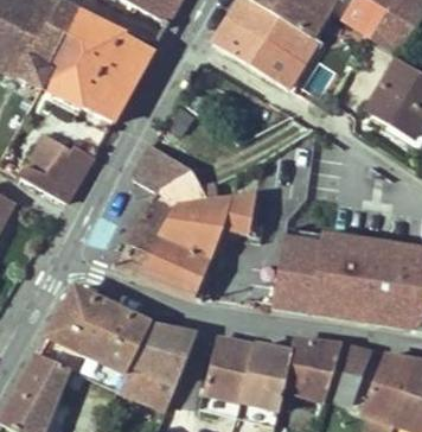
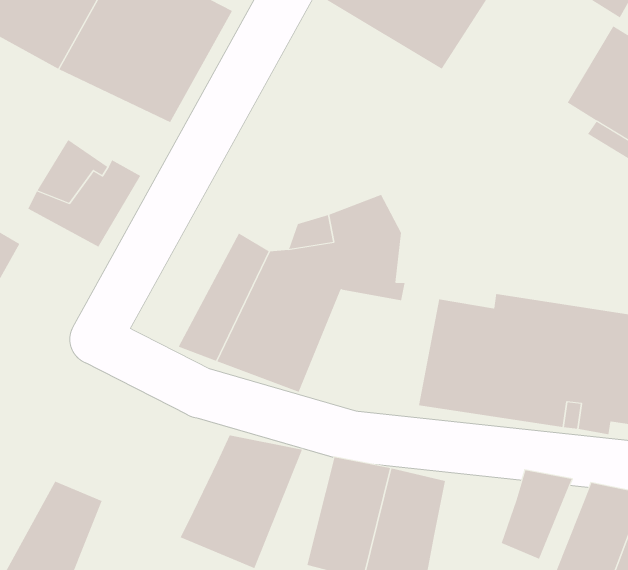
building: [133,142,191,192] -> none
building: [47,286,149,371] -> none
building: [282,339,340,400] -> none

